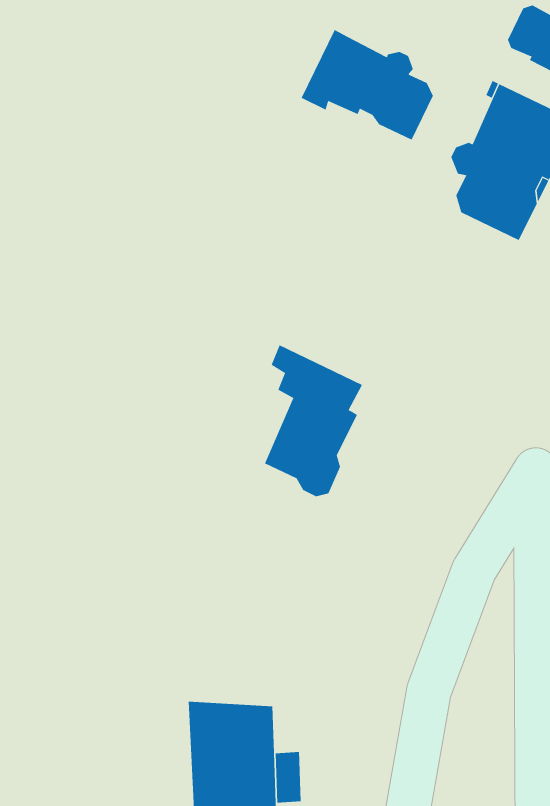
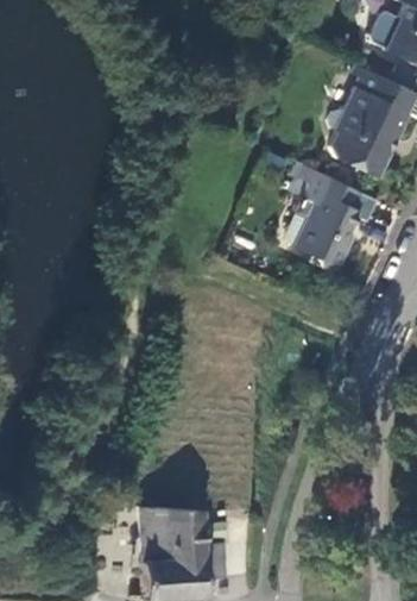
building: [301,29,434,140] -> none
building: [264,345,363,497] -> [290,162,360,270]

